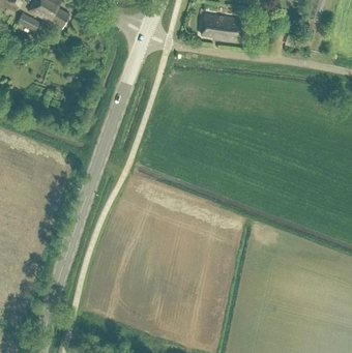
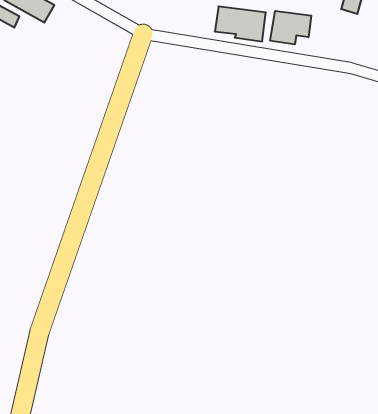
building: none -> [270,11,311,44]

